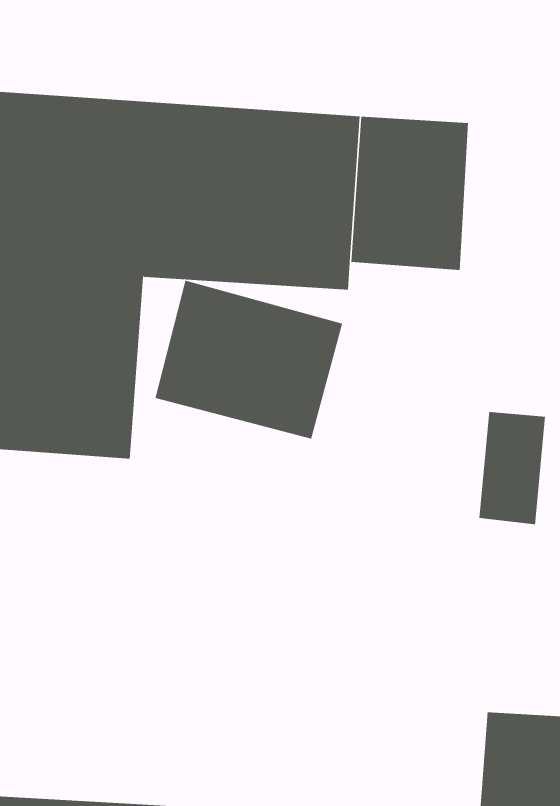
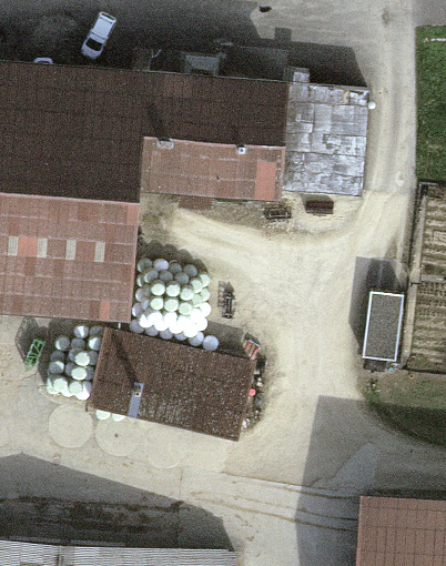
building: [155,280,343,440] -> none
building: none -> [92,332,254,438]

